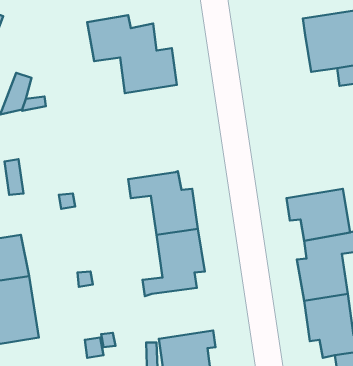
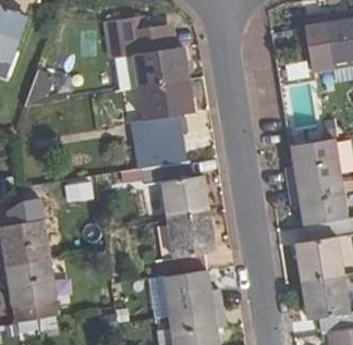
building: none -> [131,81,191,168]
building: none -> [284,137,340,185]
building: none -> [163,268,220,315]

